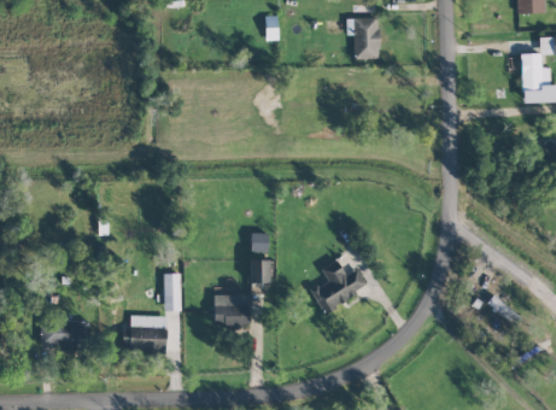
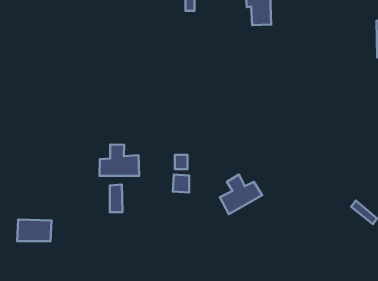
building: none -> [100,144,139,176]
building: [215,293,251,326] -> none
building: [130,315,169,352] -> none

